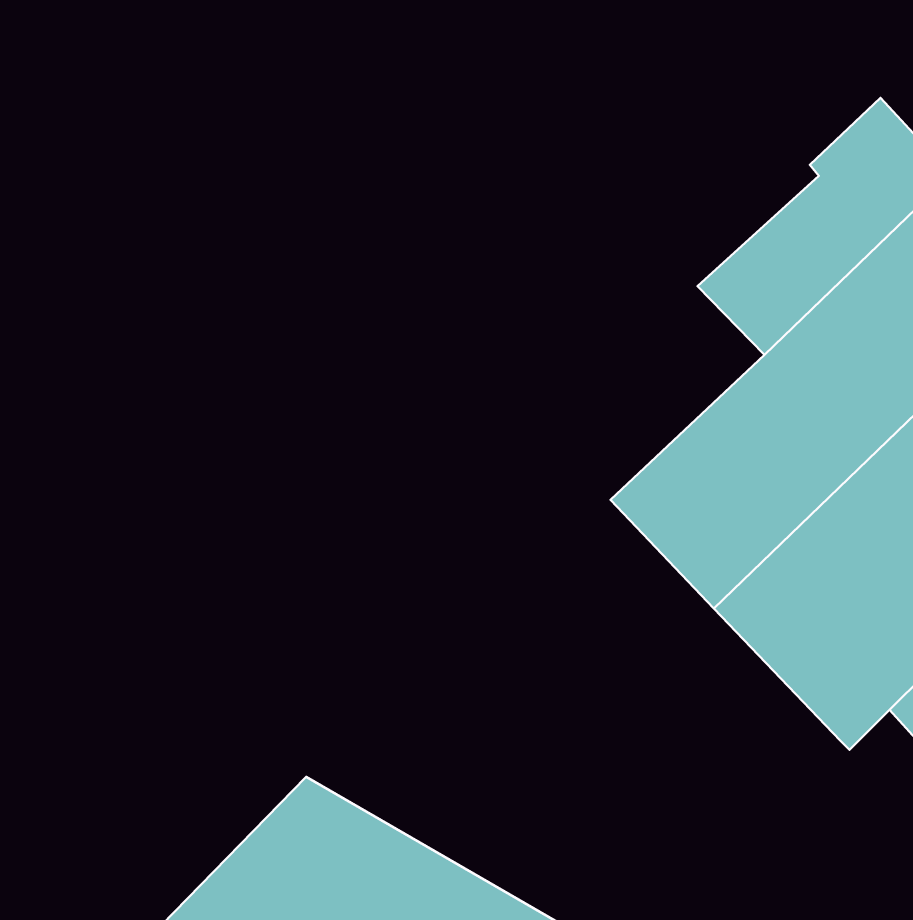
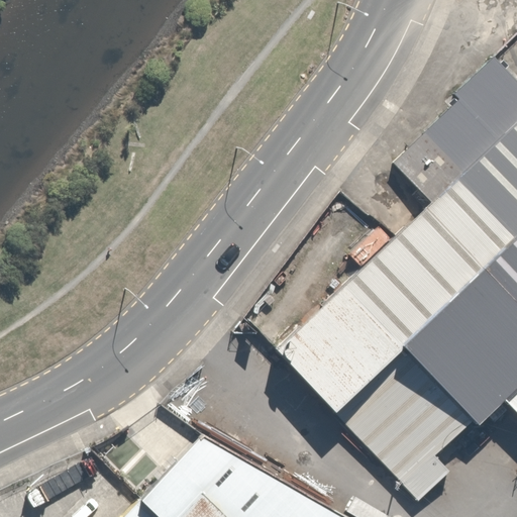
building: none -> [278,282,476,500]

